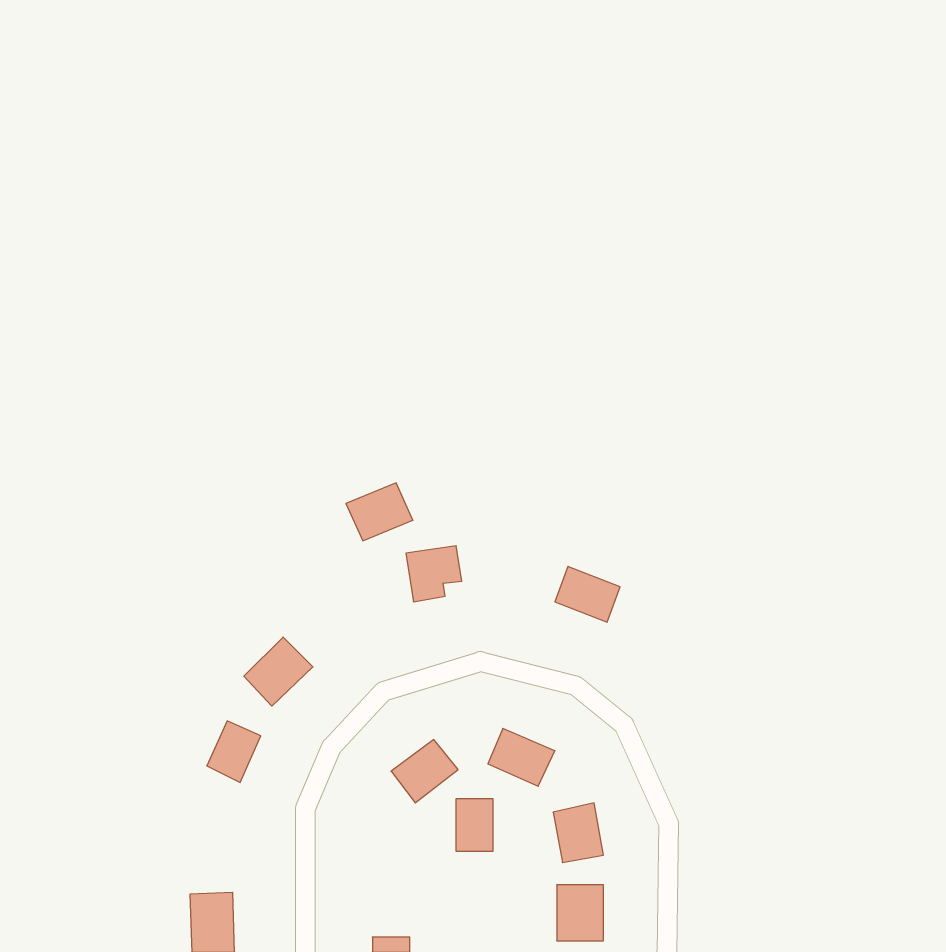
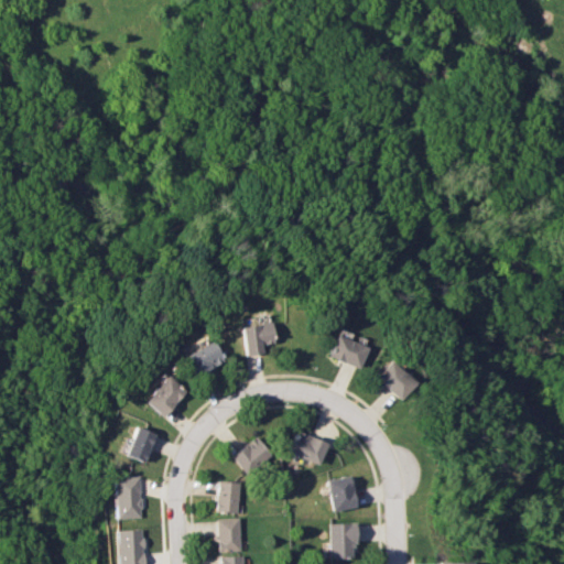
building: [346,483,413,541] -> [187,341,227,376]
building: none -> [380,361,420,401]
building: [456,799,493,851] -> [219,481,241,512]
building: none -> [112,476,139,518]
building: none -> [220,518,242,549]

